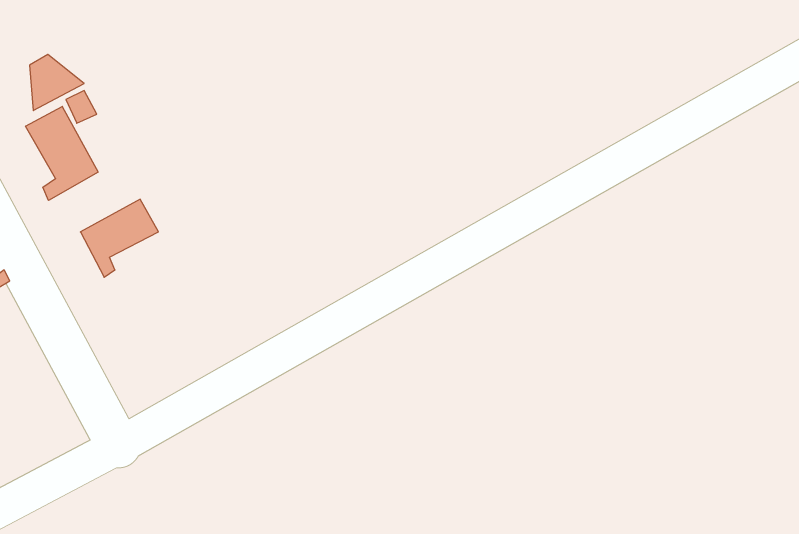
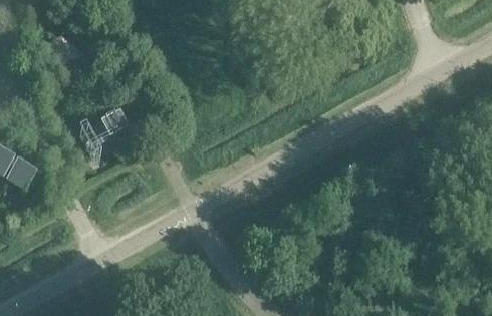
building: [26,106,98,200] -> none

